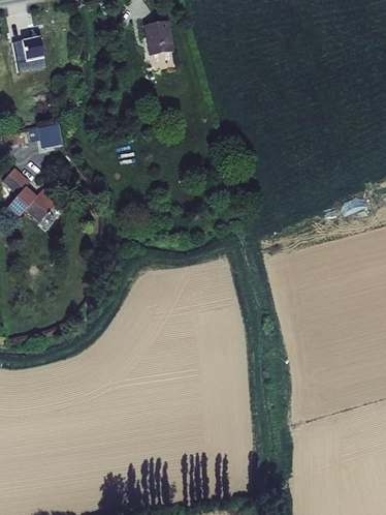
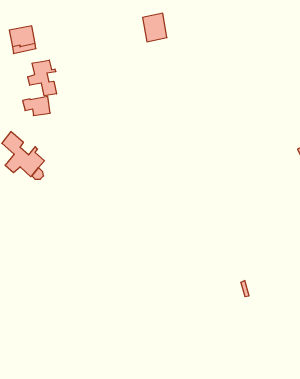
building: [144,21,174,56] -> [143,13,167,42]
building: none -> [28,60,56,96]

